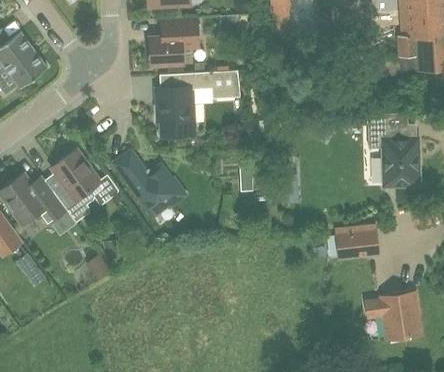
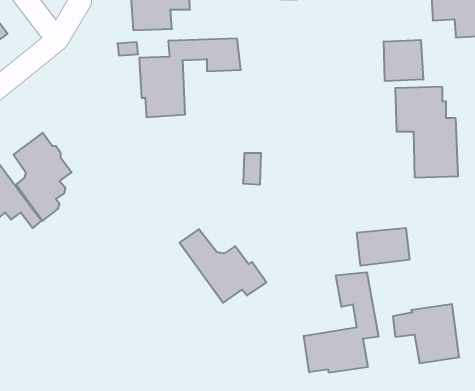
building: none -> [384,40,423,81]
building: [113,151,185,212] -> [180,229,266,303]
building: none -> [304,272,378,373]

